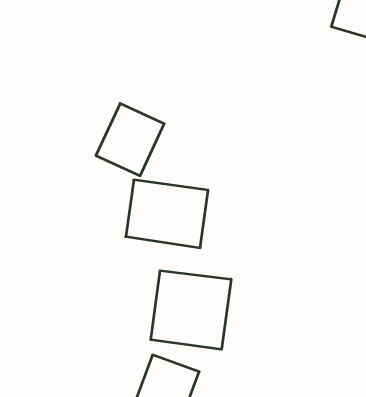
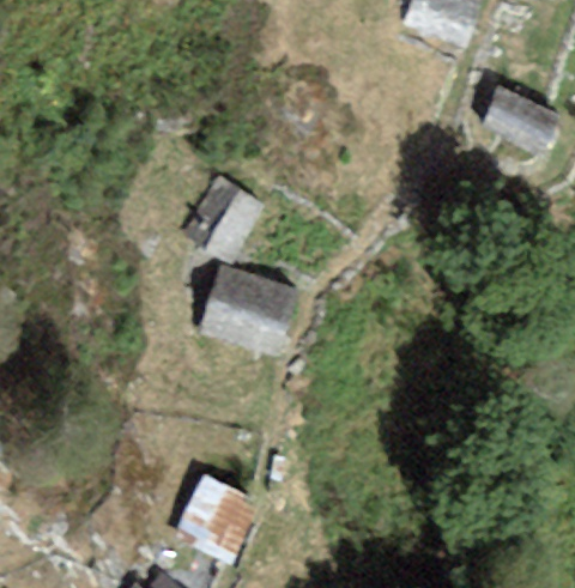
building: [151,271,231,349] -> none

